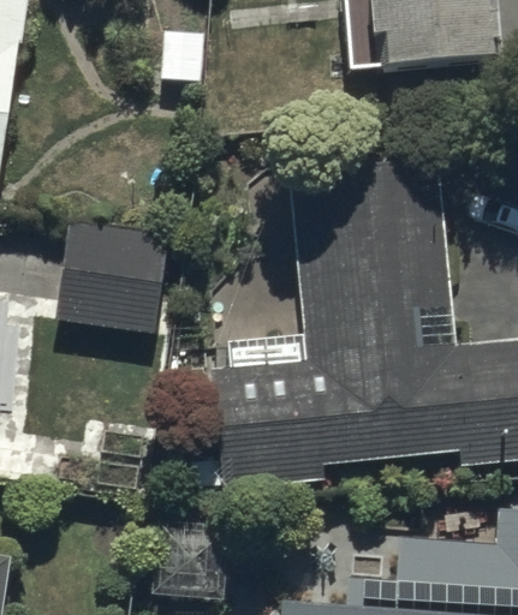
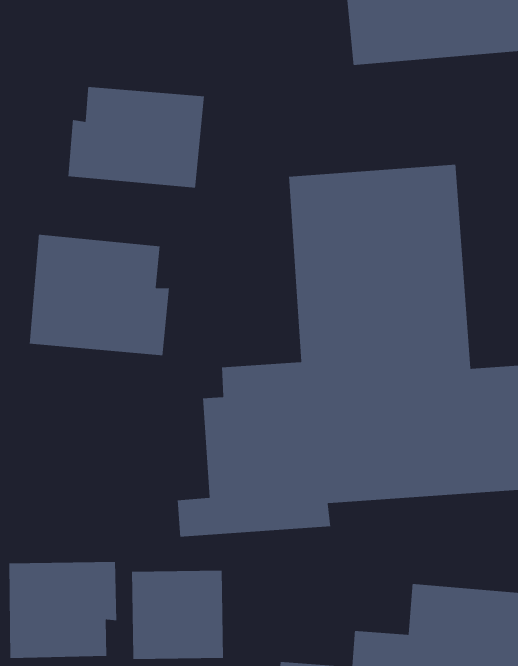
building: none -> [67,86,205,188]
building: none -> [8,561,117,659]

